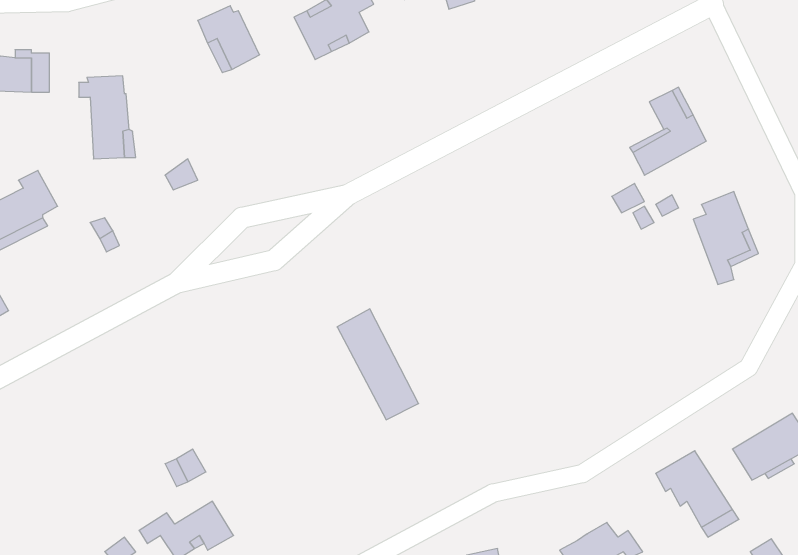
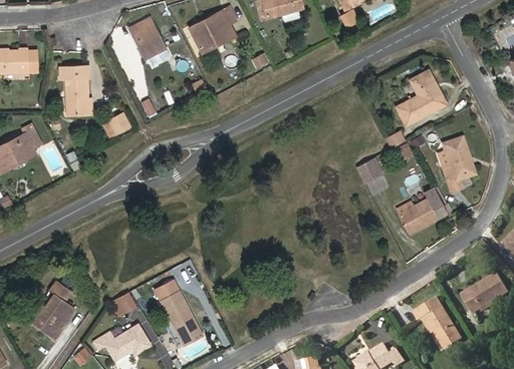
building: none -> [355,159,381,185]
building: none -> [399,189,447,235]
building: [337,309,419,420] -> [155,277,205,345]
building: none -> [32,286,73,341]

